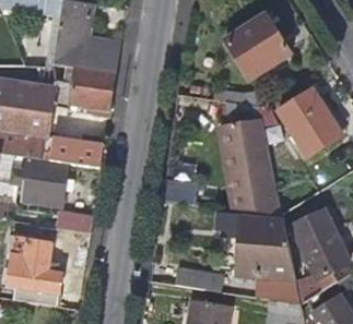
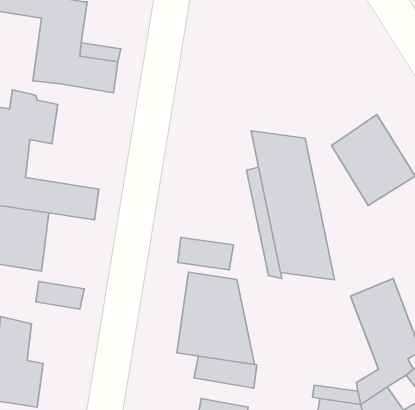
building: [225,12,291,79] -> none
building: [69,64,115,115] -> none
building: [236,209,294,278] -> [177,272,254,364]

